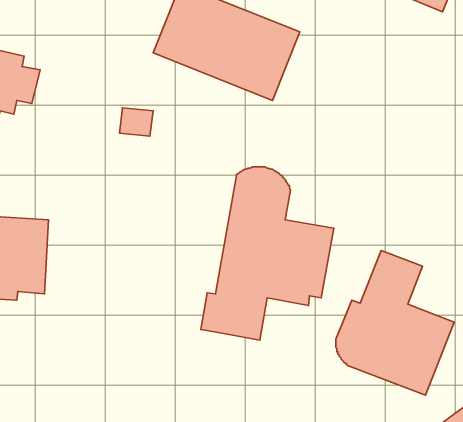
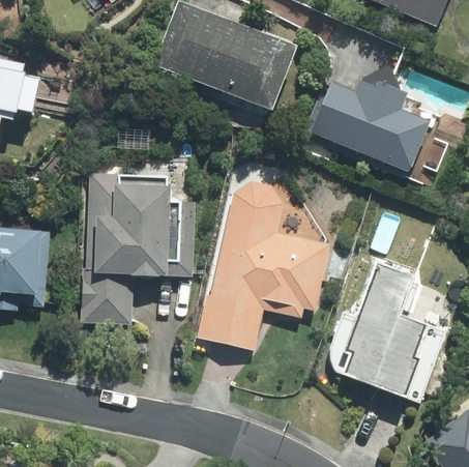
building: none -> [306,63,433,176]
building: none -> [81,173,196,323]

